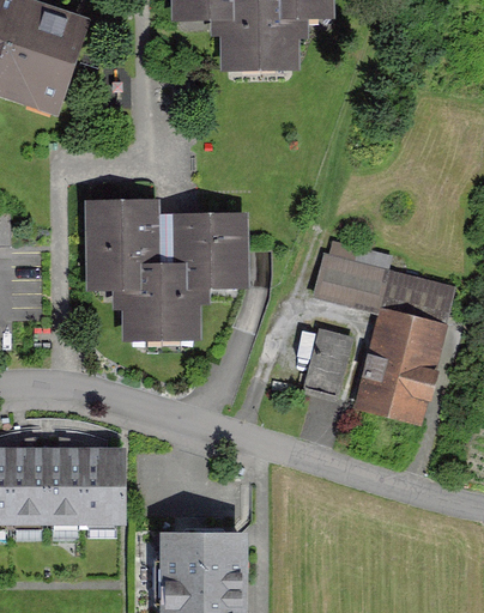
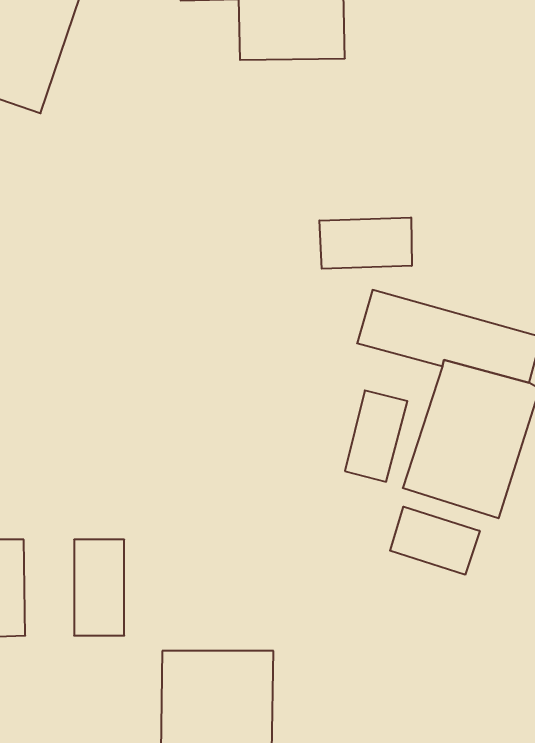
building: [78,193,249,342] -> none
building: none -> [319,217,412,269]
building: none -> [390,507,480,575]
building: [49,448,89,523] -> none

